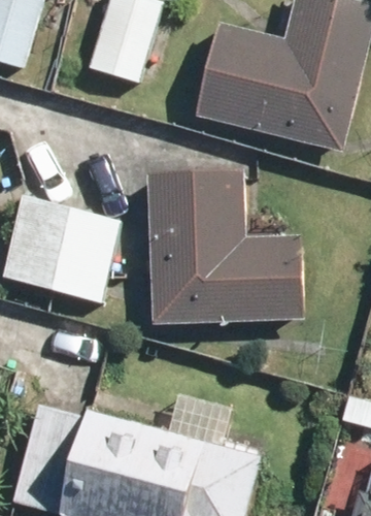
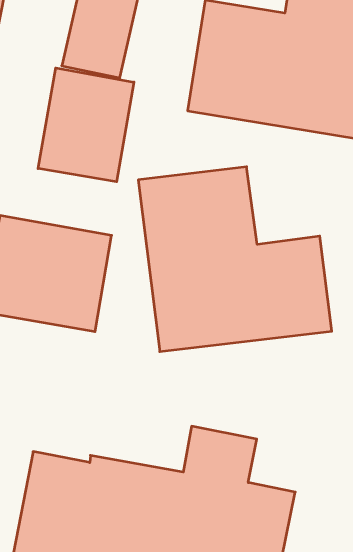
building: none -> [38,68,134,182]

